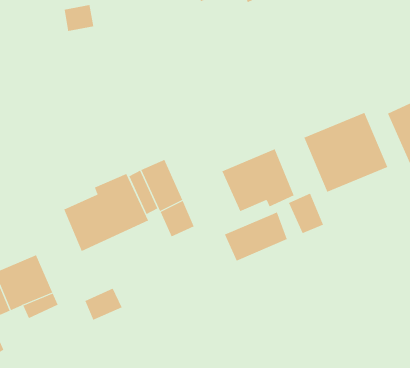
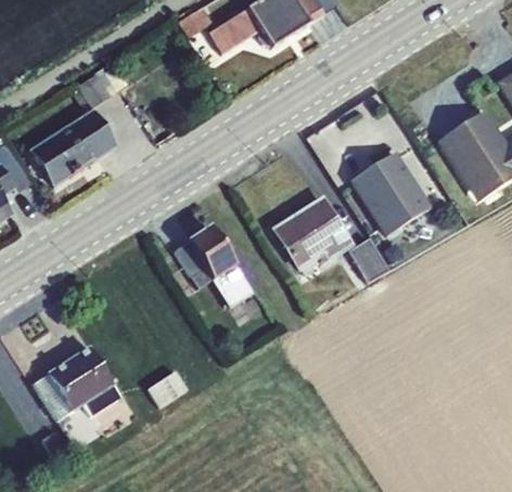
building: none -> [28,108,117,185]
building: [64,173,149,252] -> none
building: [224,212,288,262] -> none

